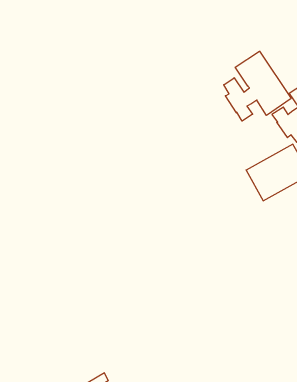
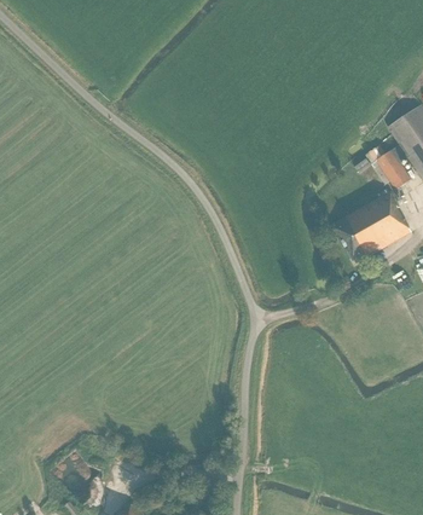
building: [224,51,291,121] -> none

